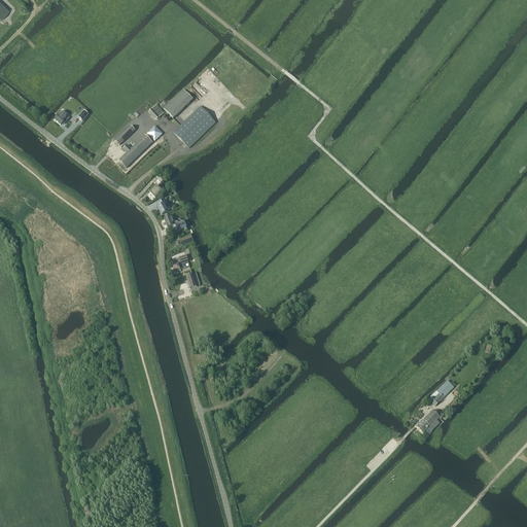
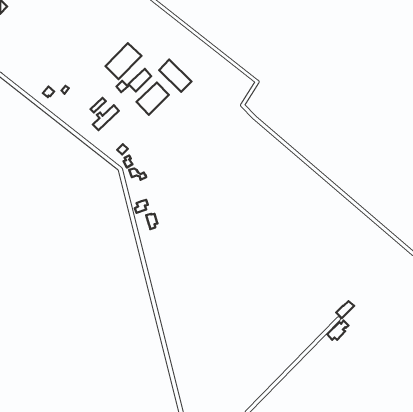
building: none -> [106,43,141,79]
building: none -> [159,59,191,92]

